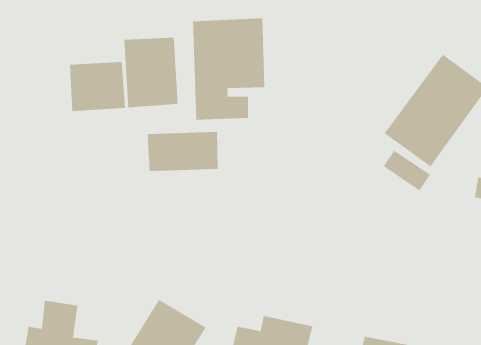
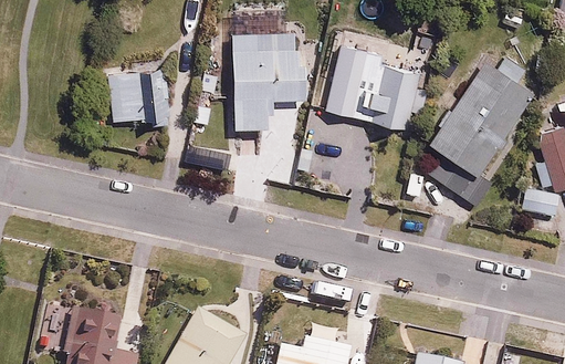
building: [124,37,178,108] -> none
building: none -> [323,46,430,128]
building: [147,131,218,172] -> none

